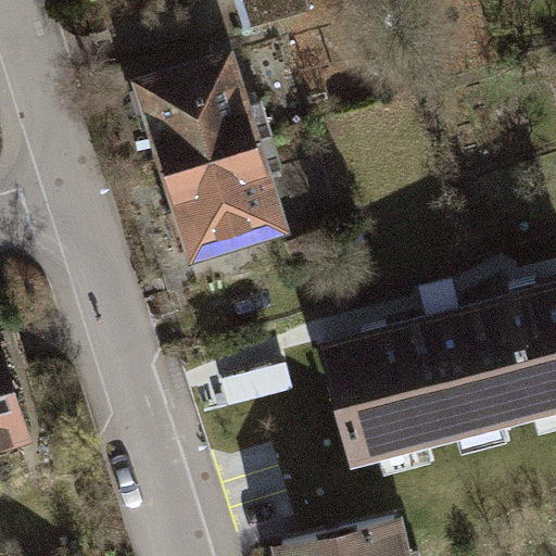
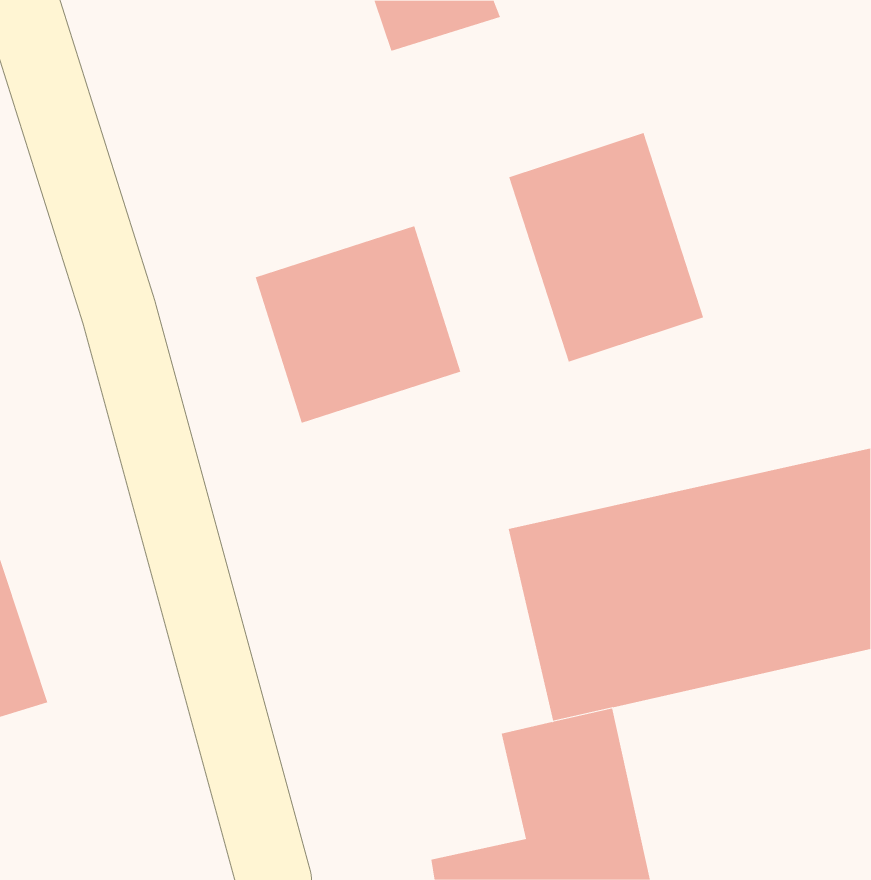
building: [131,51,262,175] -> none
building: none -> [509,132,704,362]

